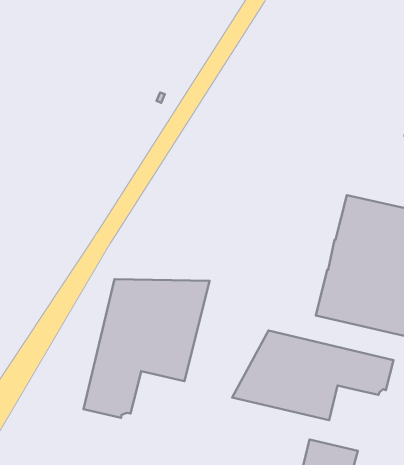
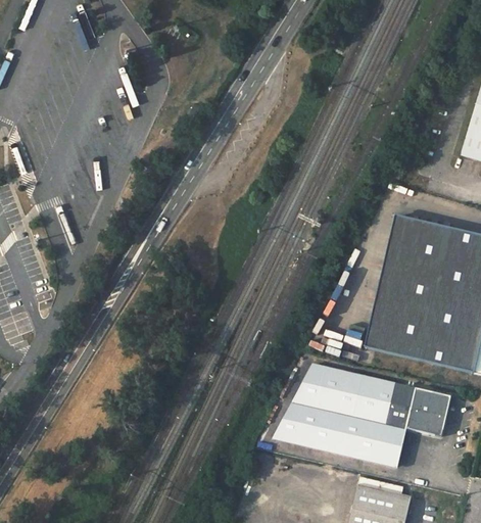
building: [84,279,209,418] -> none
building: none -> [379,424,405,466]

